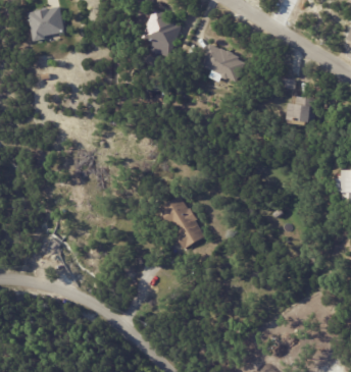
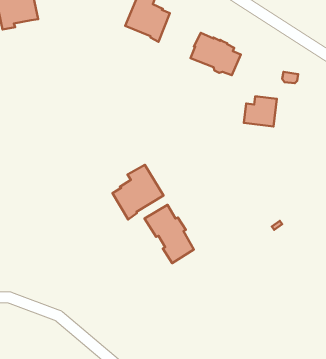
building: [287,97,316,123] -> [244,97,277,126]
building: none -> [113,165,164,220]

